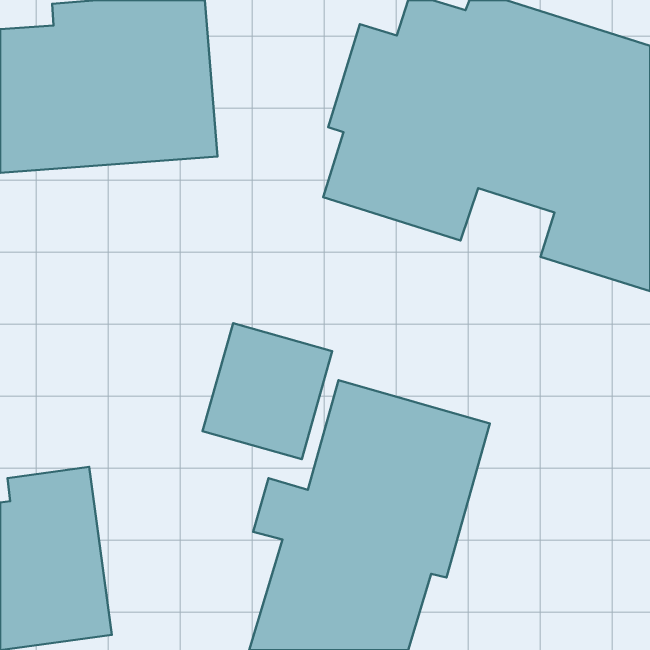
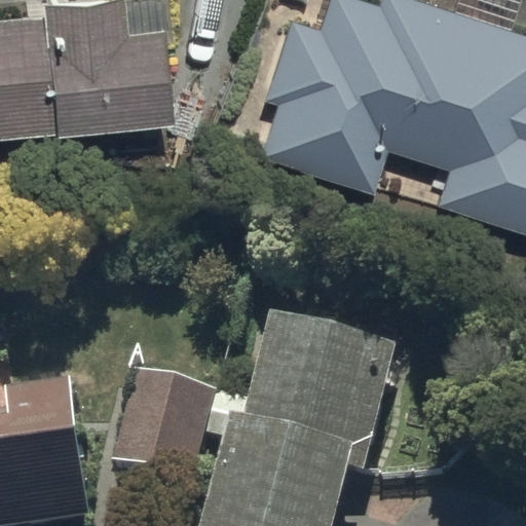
building: [203,323,332,459] -> [112,364,217,474]

